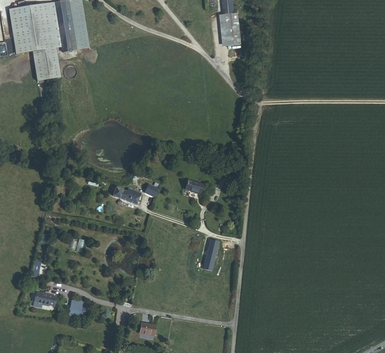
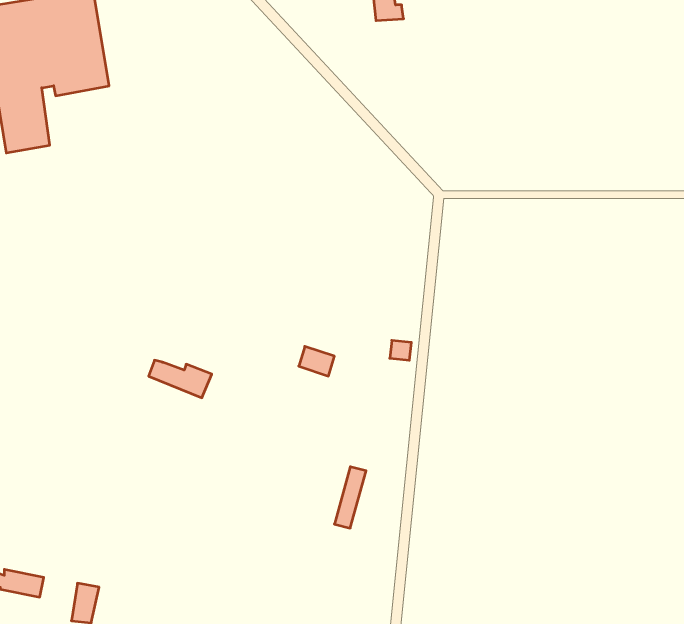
building: [224,12,241,44] -> none

